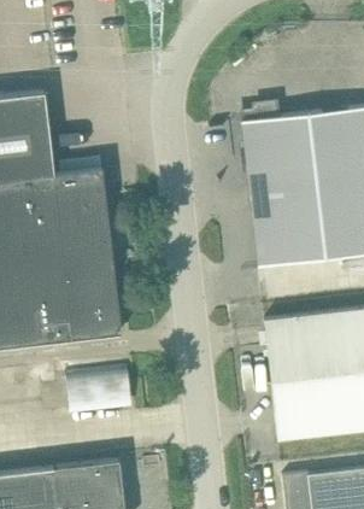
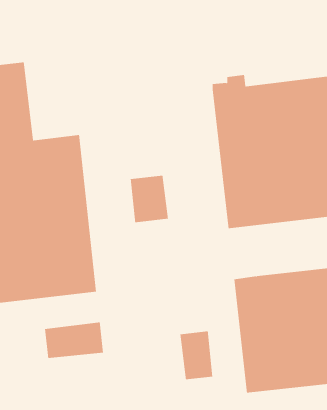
building: none -> [130,175,168,223]
building: none -> [180,331,213,380]

